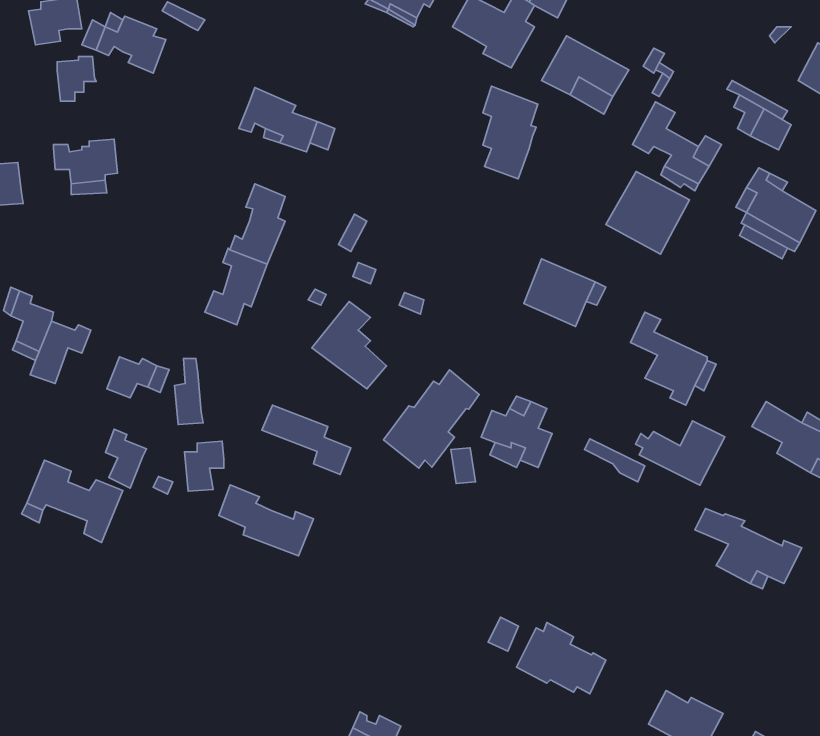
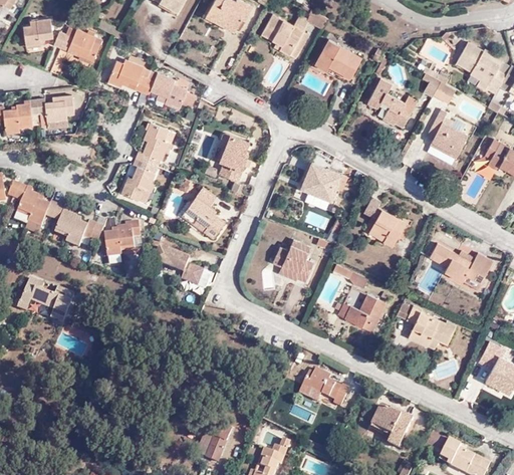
building: [57,56,96,101] -> [16,101,38,127]
building: none -> [107,56,147,90]
building: [483,86,538,179] -> [219,130,250,182]
building: [606,172,690,254] -> none
building: [383,370,479,468] -> none
building: [636,421,725,485] -> [337,294,388,330]
building: [105,429,146,488] -> [52,204,75,237]
building: [185,441,224,491] -> [117,222,140,250]
building: [219,485,314,556] -> none

